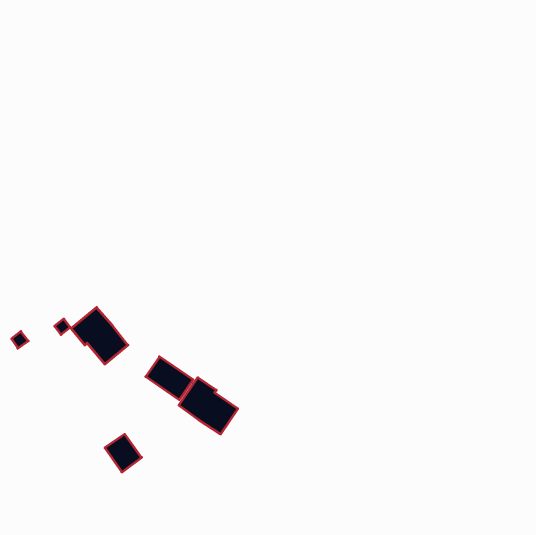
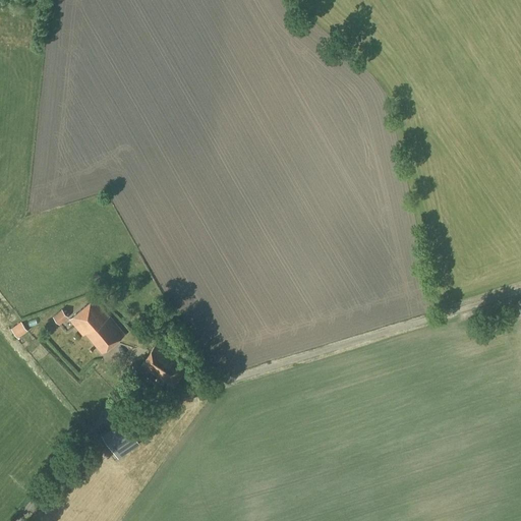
building: [179,378,238,434] -> none

